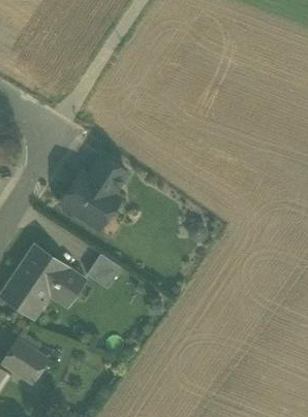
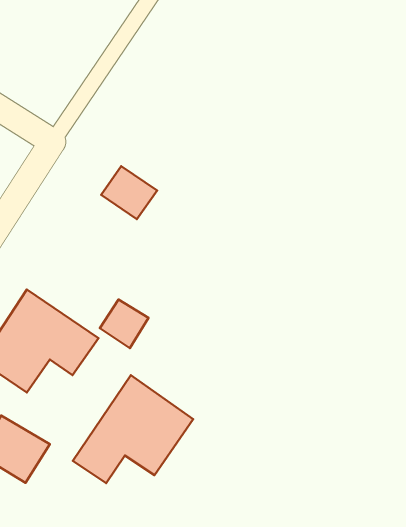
building: [60,172,119,229] -> none
building: none -> [73,375,193,483]

